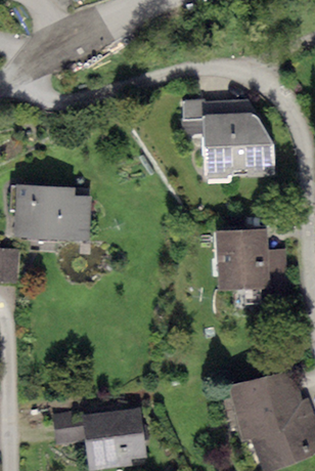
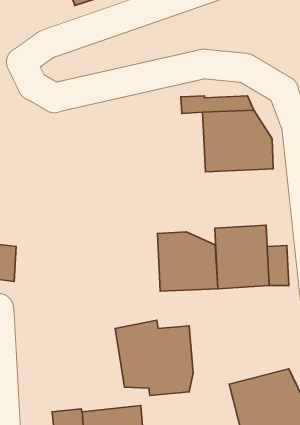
building: [14,185,91,242] -> none
building: none -> [157,232,218,291]
building: none -> [115,320,193,395]

